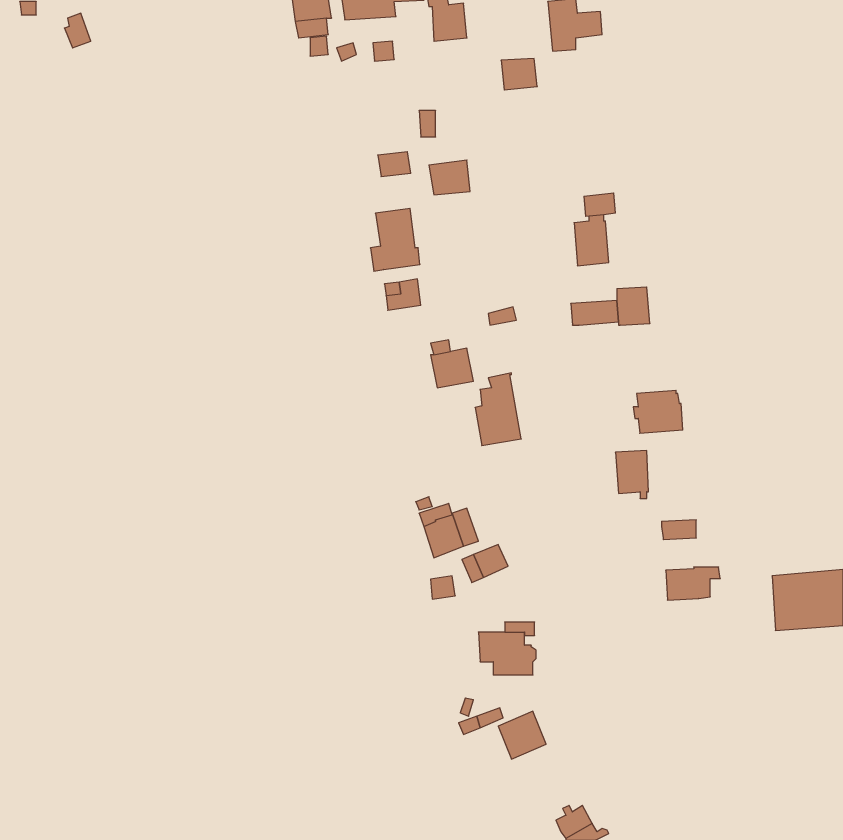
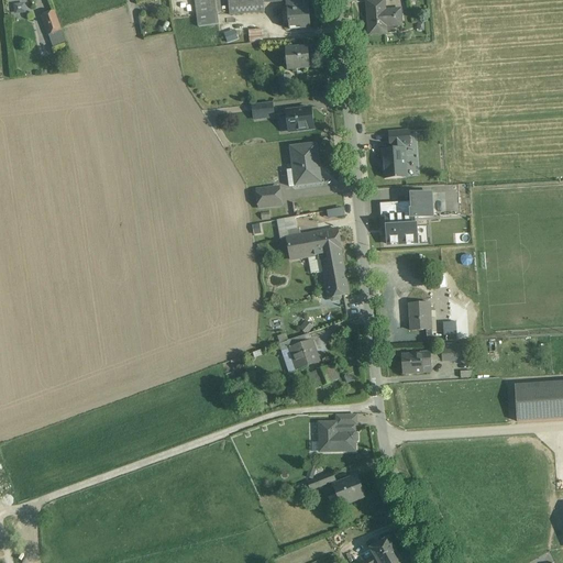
building: [501,59,537,90] -> [286,46,310,67]
building: [370,208,420,271] -> [287,143,320,185]
building: none -> [311,228,341,260]
building: [633,390,683,433] -> [384,214,417,243]
building: [666,567,720,600] -> [401,351,438,373]

